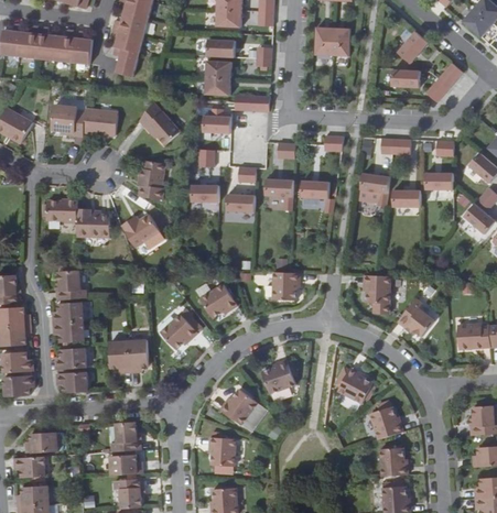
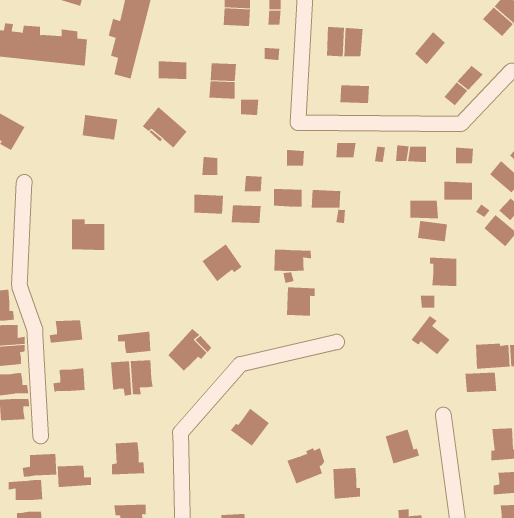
building: [206,40,234,57] -> [158,61,187,80]
building: [390,70,419,88] -> [339,85,370,104]
building: [52,106,87,138] -> none
building: [202,116,230,134] -> none
building: [140,160,168,198] -> none
building: [358,174,387,194] -> [417,221,448,242]
building: [43,199,75,223] -> none
building: [119,217,160,250] -> none
building: none -> [274,249,311,272]
building: [58,270,89,301] -> none
building: [358,275,385,303] -> [429,257,457,287]
building: [204,283,242,319] -> [201,243,243,282]
building: [55,321,87,342] -> [117,331,151,354]
building: none -> [465,372,497,393]
building: [264,356,301,390] -> [286,448,325,484]
building: [336,369,370,404] -> none
building: [58,372,90,394] -> none
building: [215,435,241,463] -> none
building: [380,446,407,476] -> [333,468,361,499]
building: [111,451,144,472] -> [57,465,92,487]

